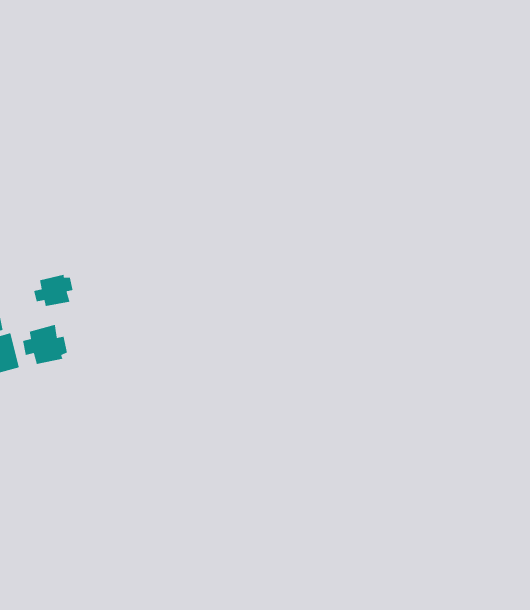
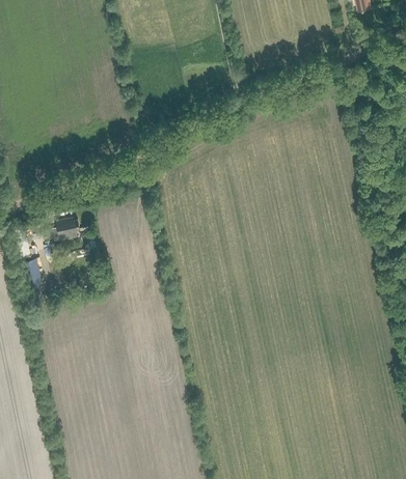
building: [22,324,68,365] -> none

